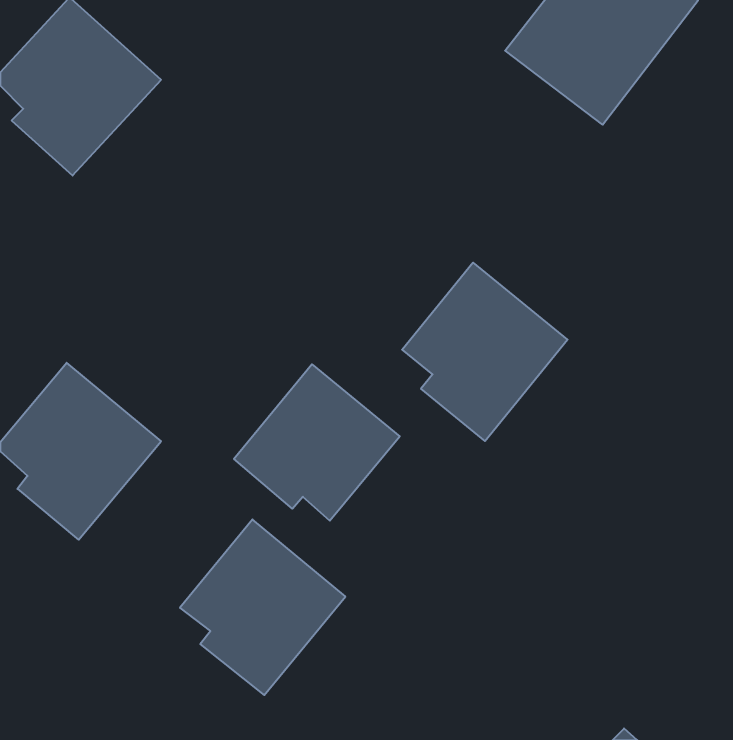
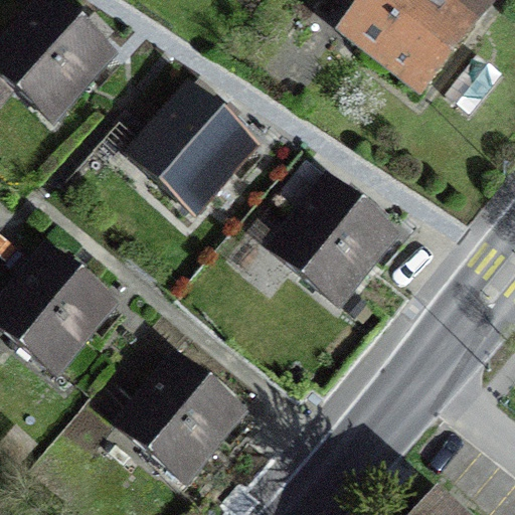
building: none -> [144,90,260,213]
building: [234,364,400,521] -> none

